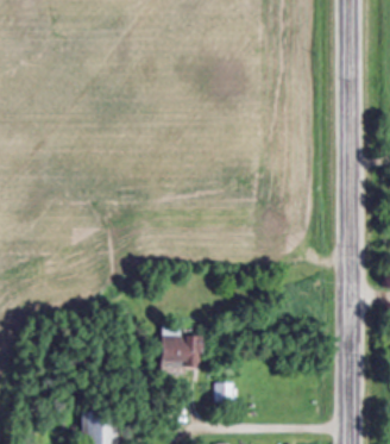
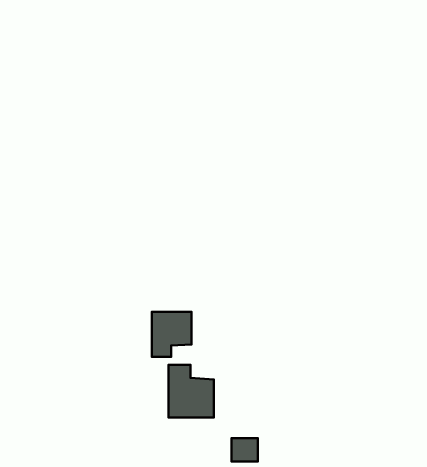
building: none -> [152,312,192,357]

